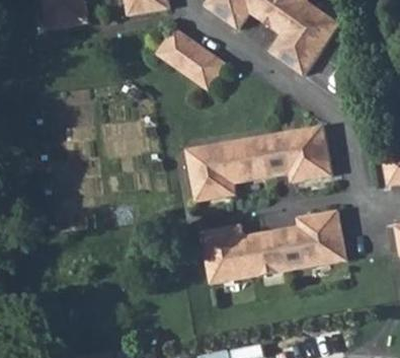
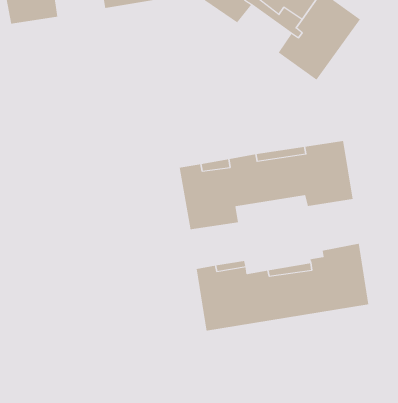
building: [155,24,224,86] -> none

